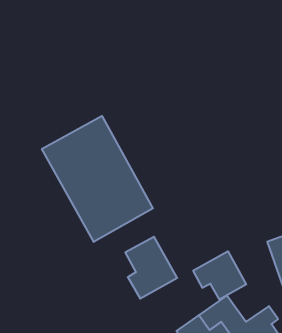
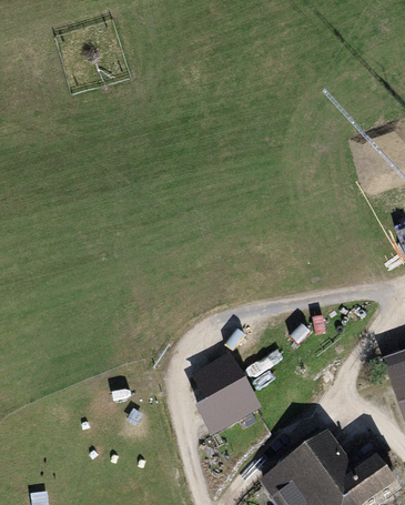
building: [42,116,153,242] -> none
building: [193,251,246,299] -> none

